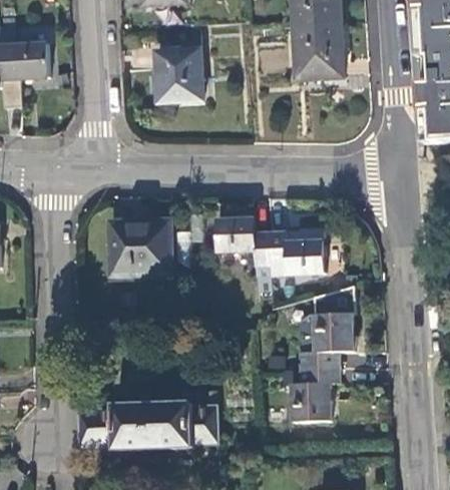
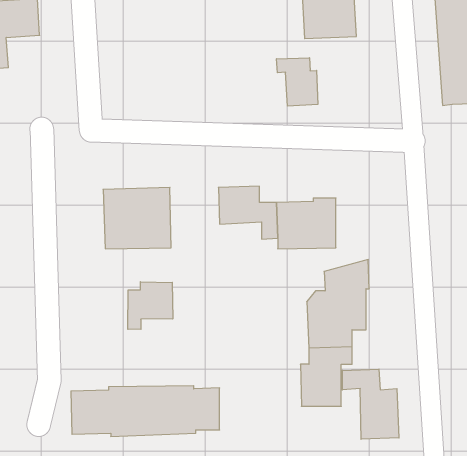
building: [154,49,201,102] -> none
building: none -> [277,58,318,106]
building: none -> [128,282,173,329]
building: none -> [342,369,399,439]

